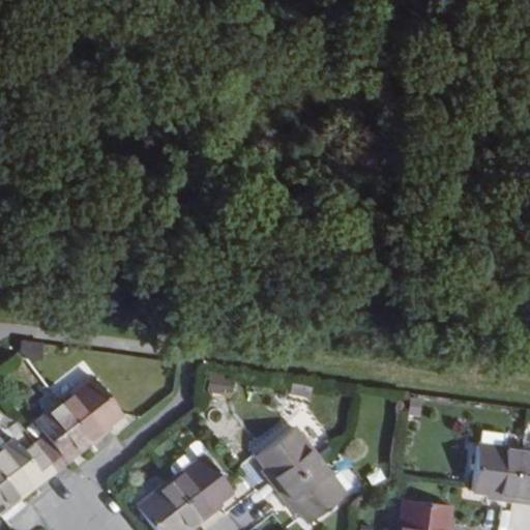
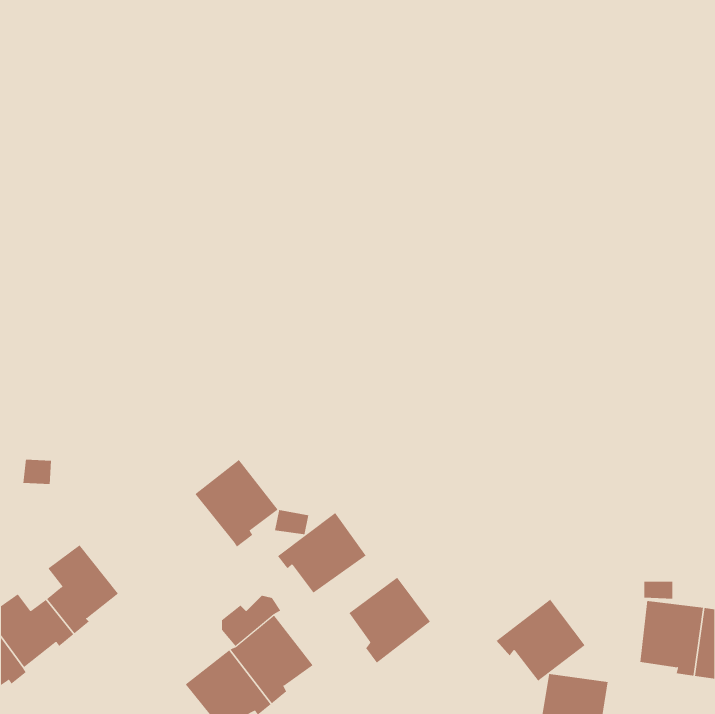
building: [59,378,121,443] -> [194,459,278,547]
building: none -> [277,512,367,594]
building: [278,461,345,522] -> [496,599,585,682]

